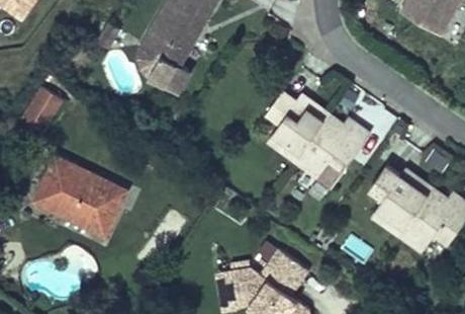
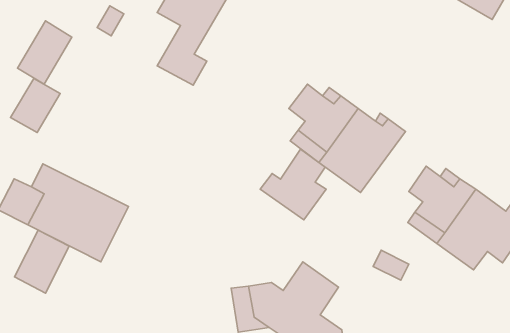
building: [136,27,170,74] -> none
building: none -> [18,21,72,84]
building: none -> [260,149,326,220]
building: none -> [15,230,69,293]

